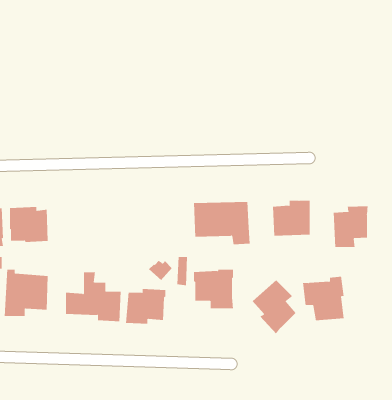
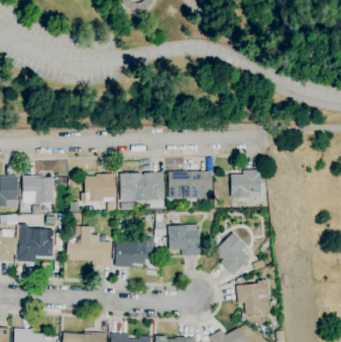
building: none -> [119,173,163,202]
building: none -> [84,175,115,203]
building: [333,206,368,248] -> none
building: [302,276,344,321] -> [236,280,269,316]

